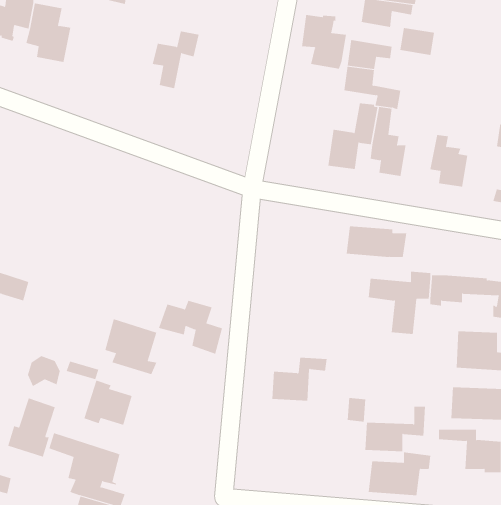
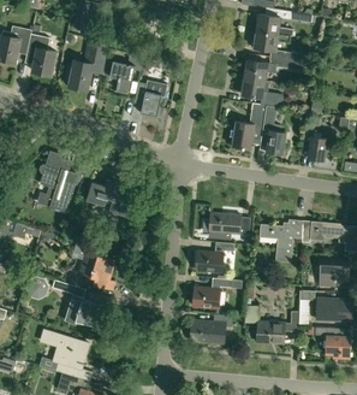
building: none -> [64,37,107,89]
building: [302,14,346,70] -> none
building: none -> [133,79,166,116]
building: none -> [38,151,77,211]
building: [346,226,407,257] -> [208,212,250,234]
building: [158,300,223,355] -> [85,179,130,217]
building: none -> [196,241,234,272]
building: [8,397,56,457] -> none
building: [368,452,431,496] -> [189,313,232,343]

